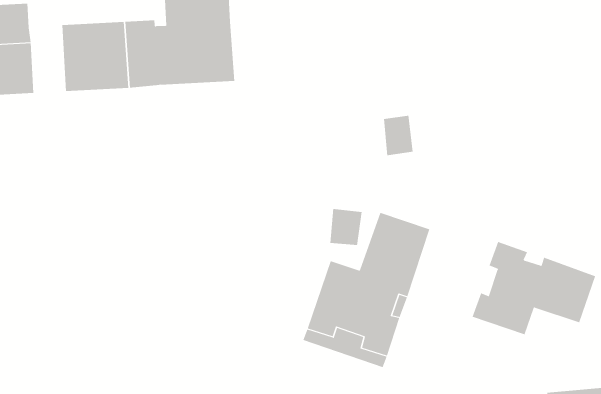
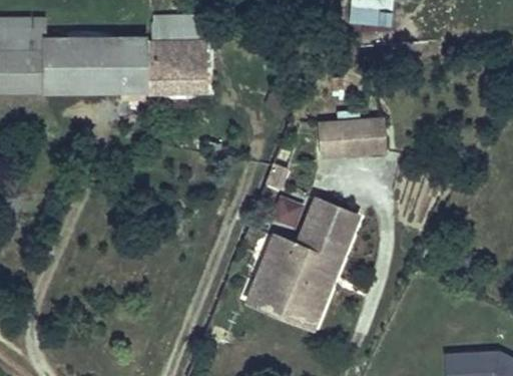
building: none -> [41,36,67,90]
building: none -> [345,122,385,154]
building: [472,241,596,335] -> none

